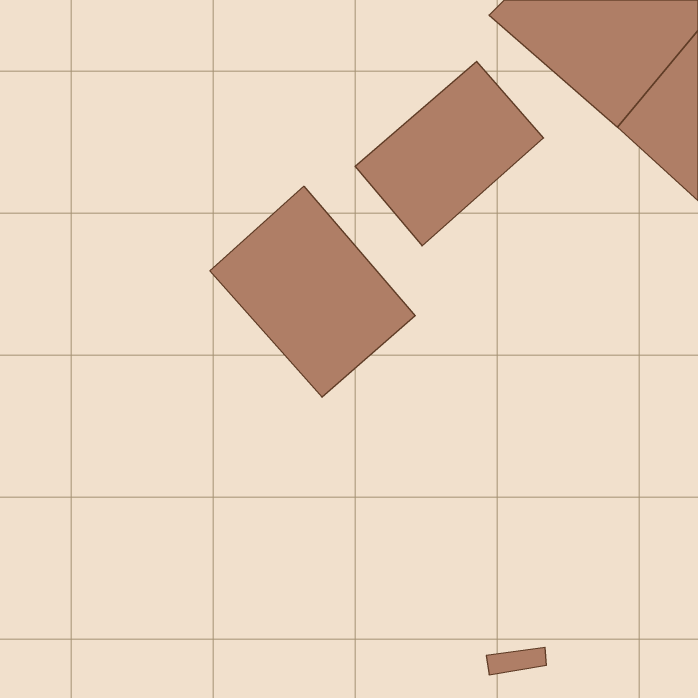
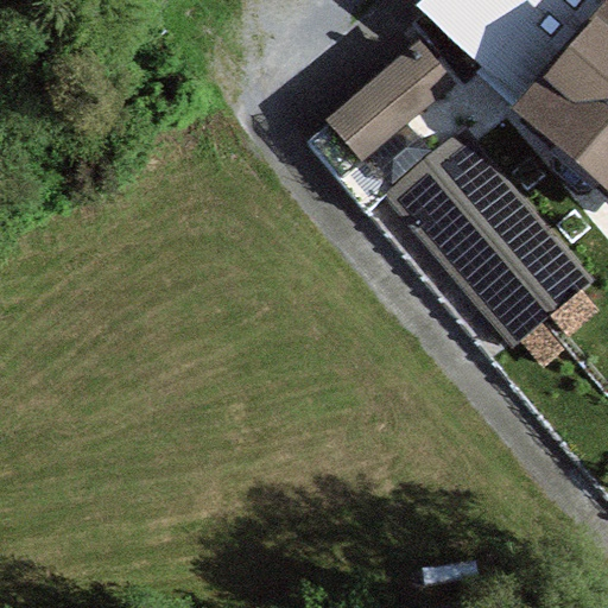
building: none -> [403,145,583,336]
building: [210,186,415,397] -> none

